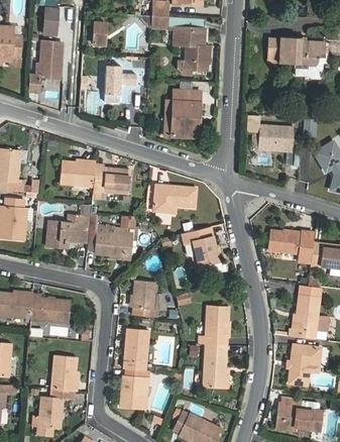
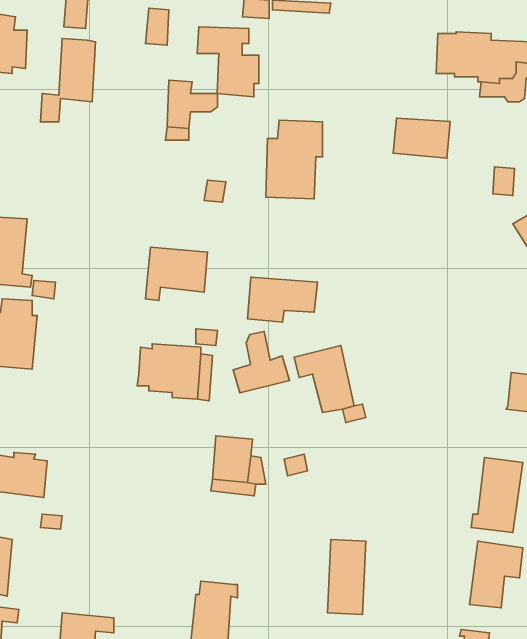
building: [173,28,210,71] -> [197,27,259,97]
building: [258,125,293,149] -> [393,118,450,158]
building: [59,160,95,187] -> none
building: [46,214,90,247] -> none
building: none -> [233,332,289,393]
building: [267,230,314,262] -> none
building: [30,295,70,322] -> none
building: [199,305,228,344] -> none
building: [123,328,148,370] -> none
building: [51,354,76,391] -> none

